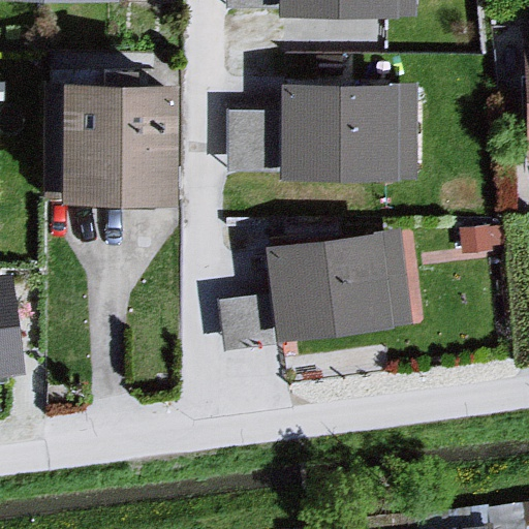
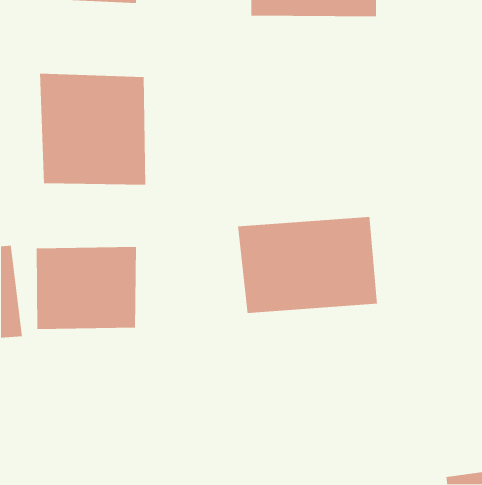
building: [278,85,418,183] -> none
building: none -> [36,246,137,330]

